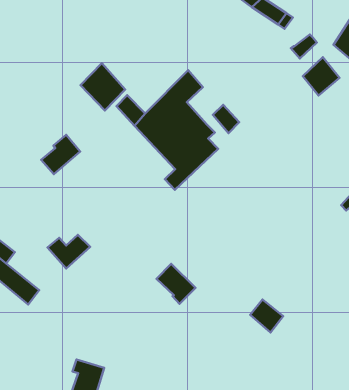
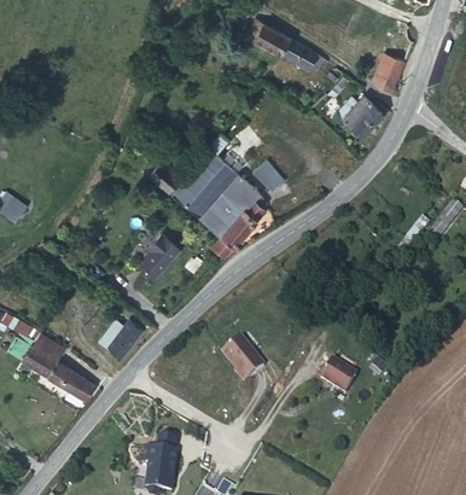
building: [80,63,125,111] -> none
building: [41,135,80,174] -> [136,234,176,278]

